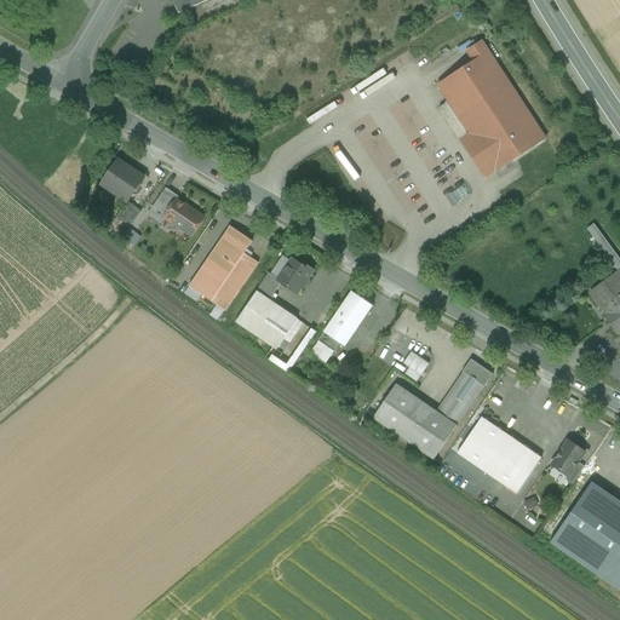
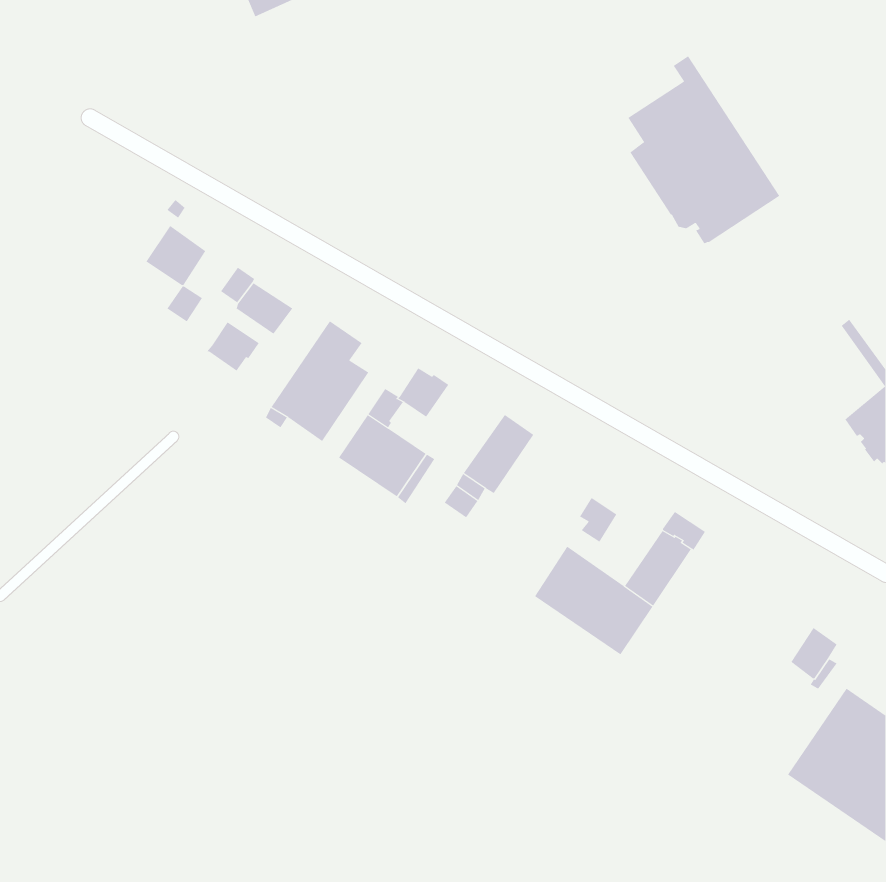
building: none -> [207,322,259,372]
building: [457,415,541,493] -> none

